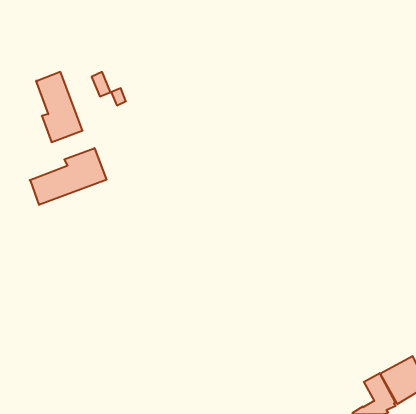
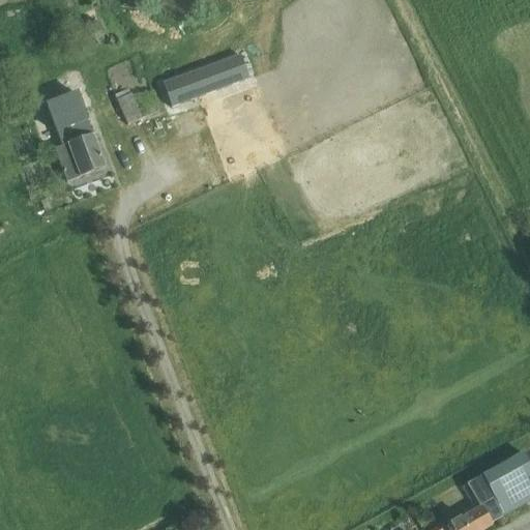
building: none -> [164,53,251,106]
building: [30,148,106,205] -> none

